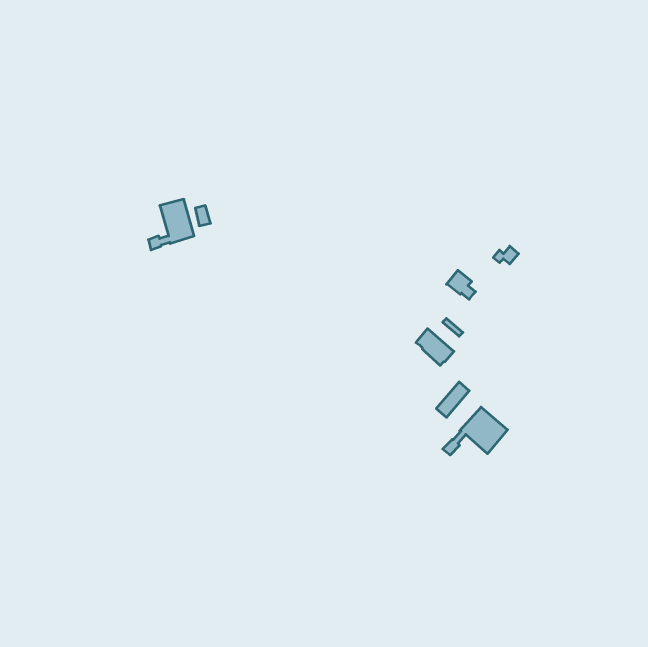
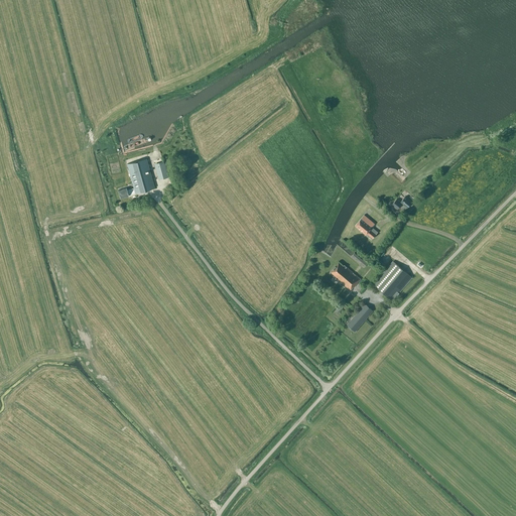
building: none -> [373,262,412,301]
building: [443,407,508,455] -> none

